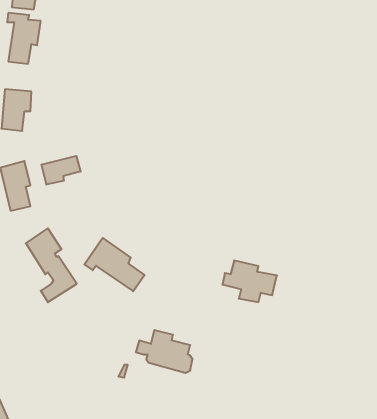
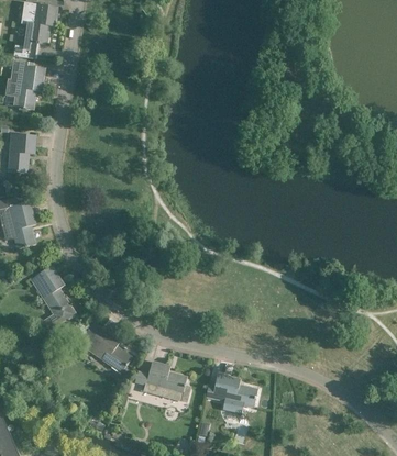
building: [42,156,81,185] -> none
building: [84,238,145,291] -> [75,322,132,372]
building: [222,260,277,302] -> [206,374,257,413]

